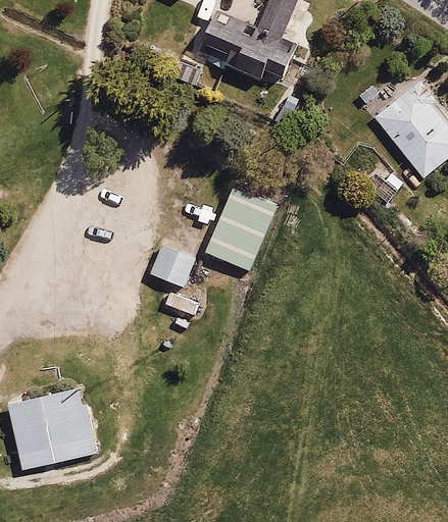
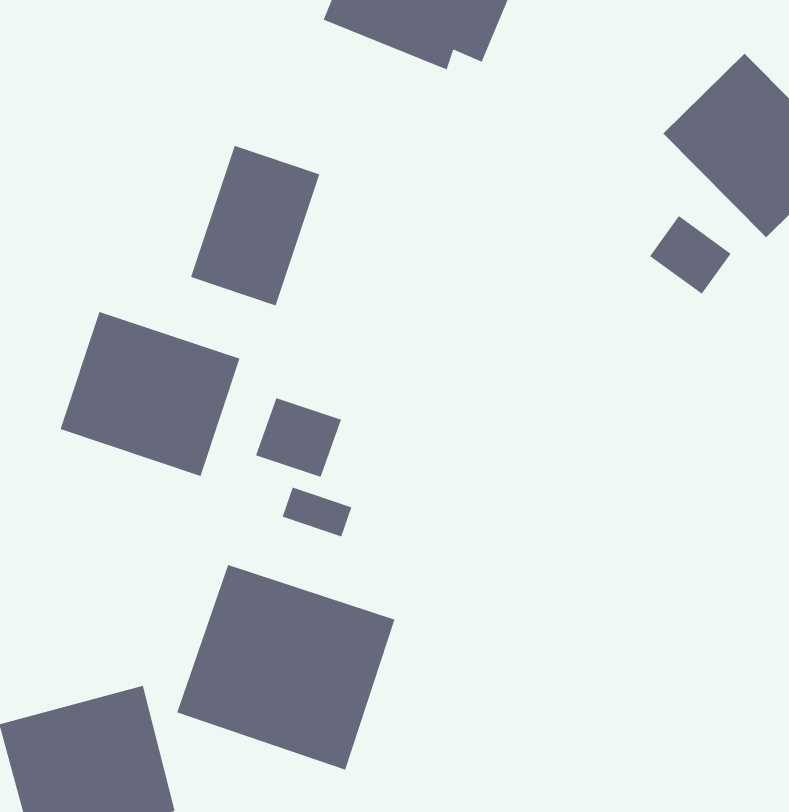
building: none -> [60,311,240,477]
building: [206,195,277,279] -> [190,145,320,306]
building: none -> [176,564,395,771]

